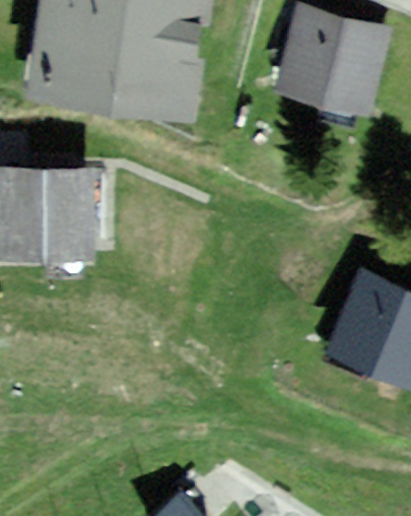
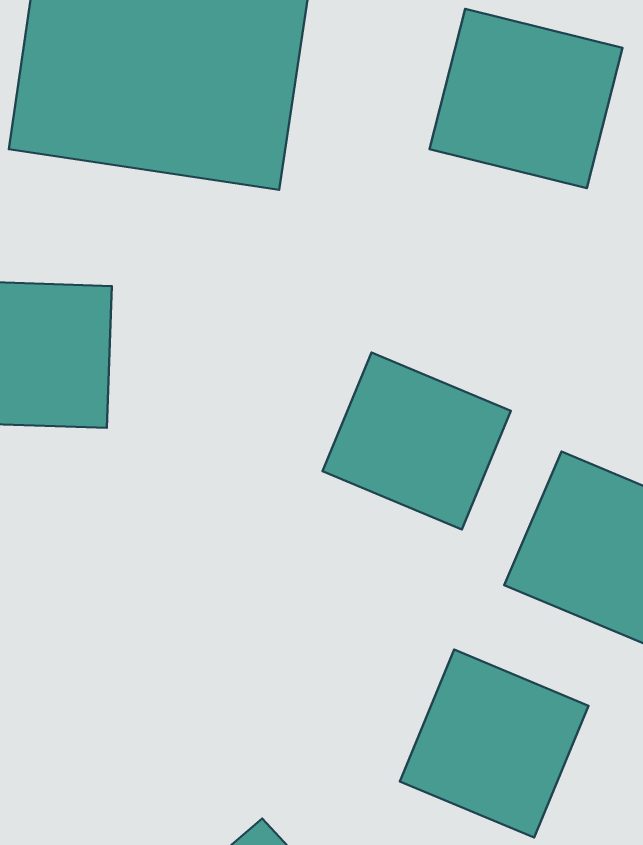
building: none -> [322,353,511,529]
building: none -> [400,650,589,838]

